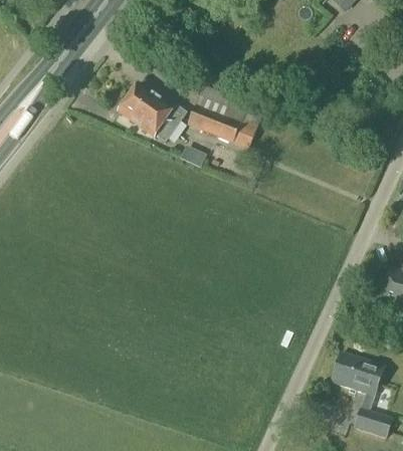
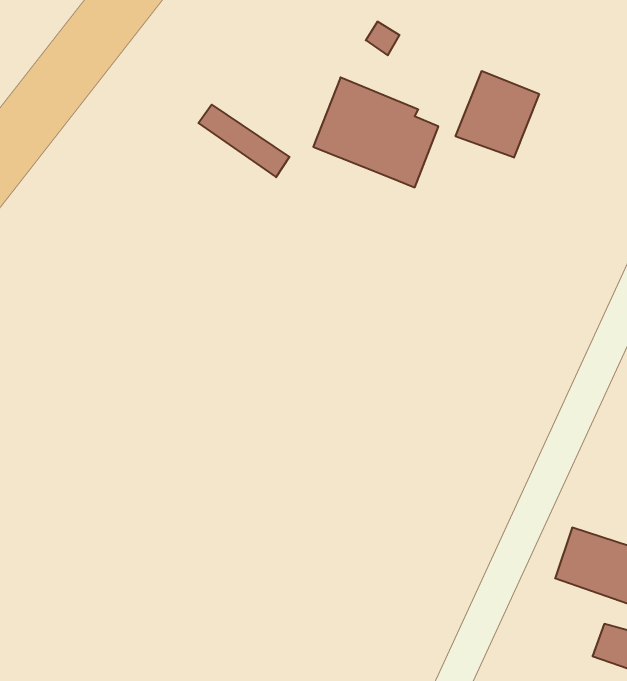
building: none -> [456,71,539,158]
building: [127,82,187,130] -> none

